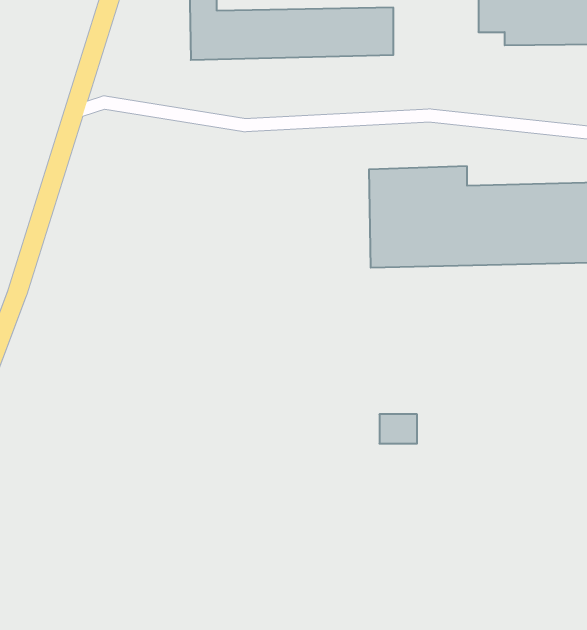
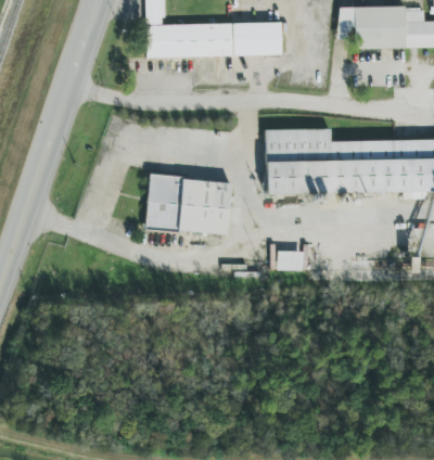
building: none -> [146,176,231,234]
building: [379,414,417,444] -> [279,251,304,270]

